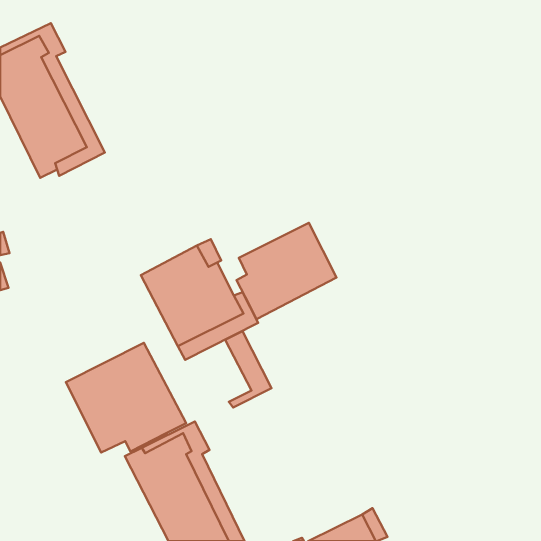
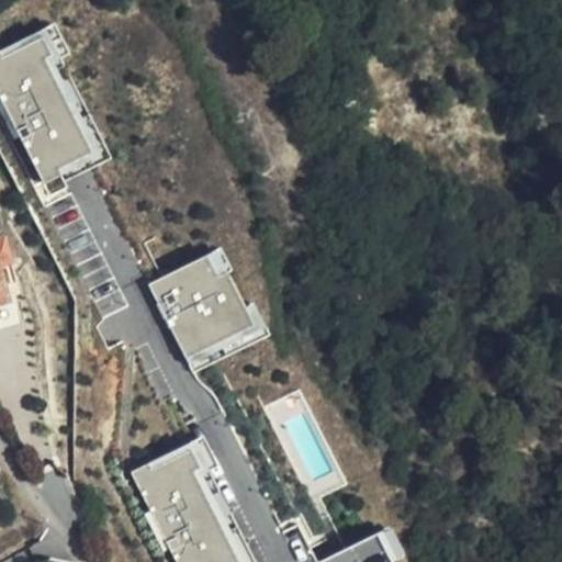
building: [236,223,337,319] -> none
building: [225,331,271,407] -> none
building: [66,343,186,452] -> none

